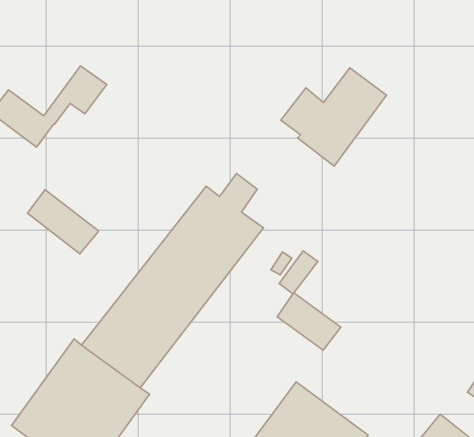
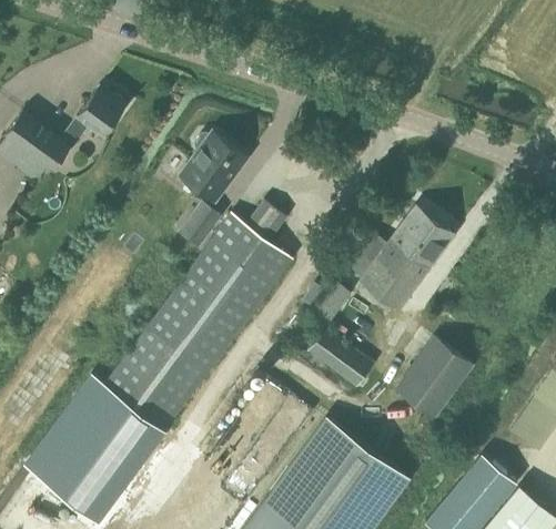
building: [281,68,386,166] -> [342,206,454,311]
building: none -> [179,133,247,246]
building: [28,190,98,254] -> none
building: none -> [396,337,472,418]

